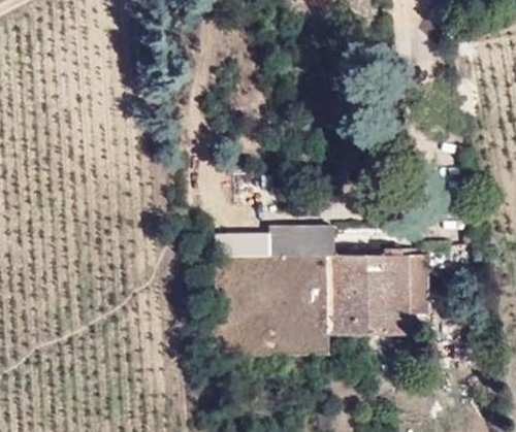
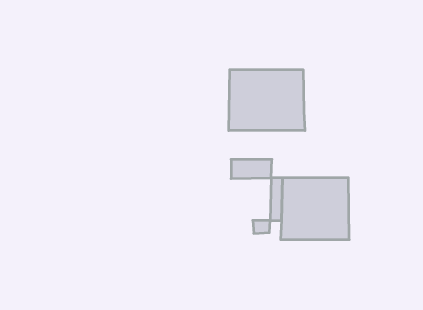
building: none -> [229,70,305,131]

